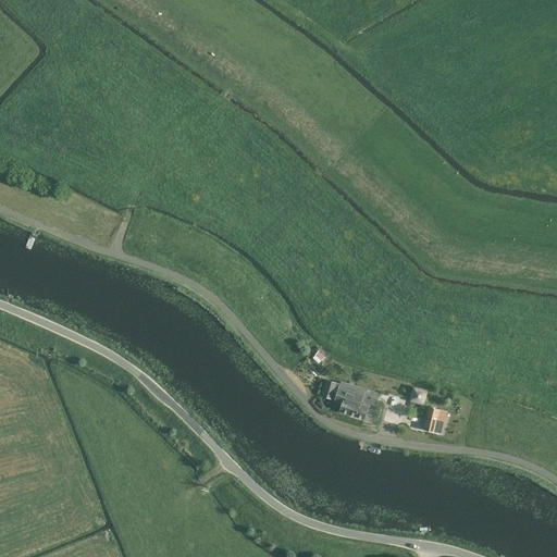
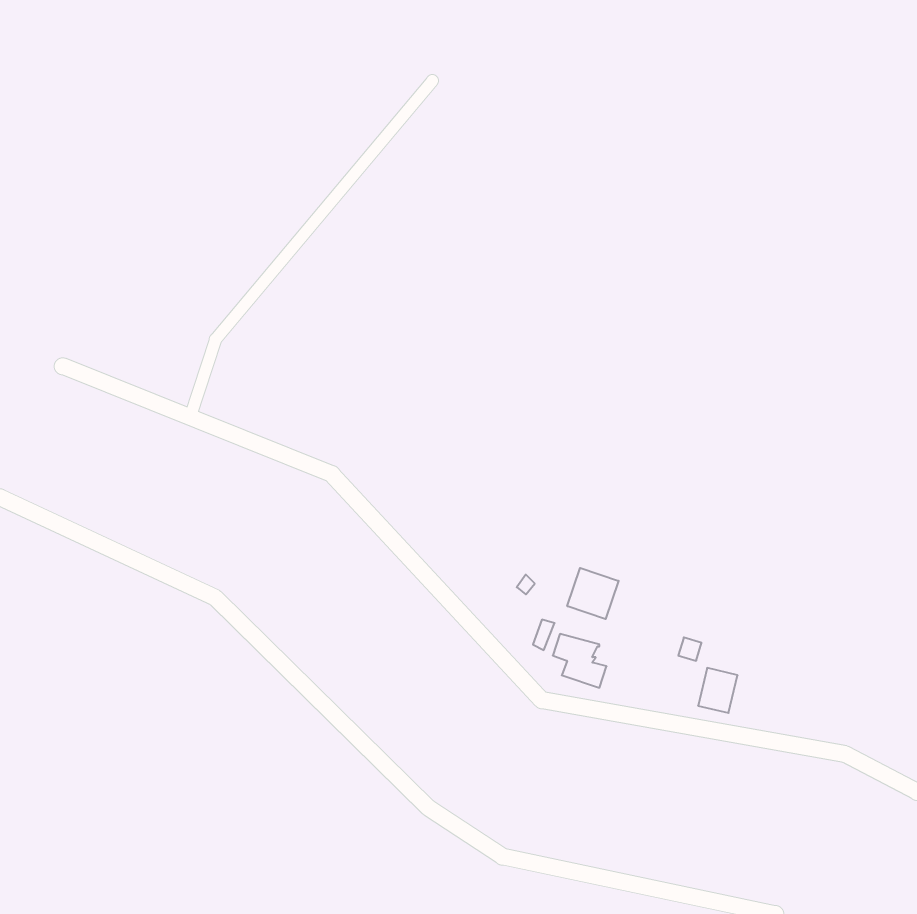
building: none -> [567,568,619,619]

